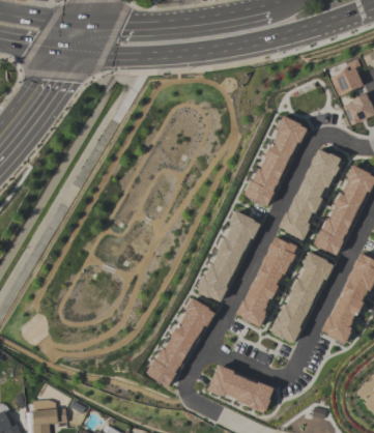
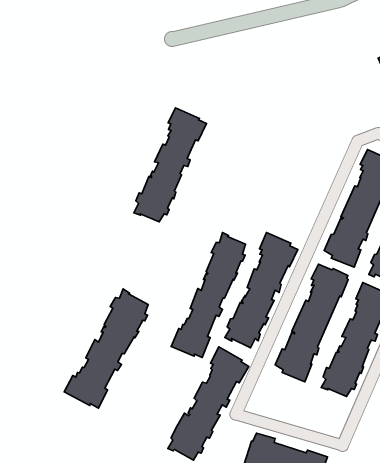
building: [247,112,308,201] -> [134,108,206,222]
building: none -> [171,232,246,357]
building: none -> [64,289,148,408]

